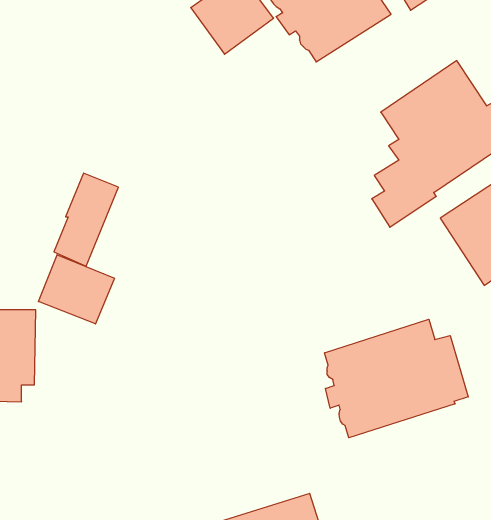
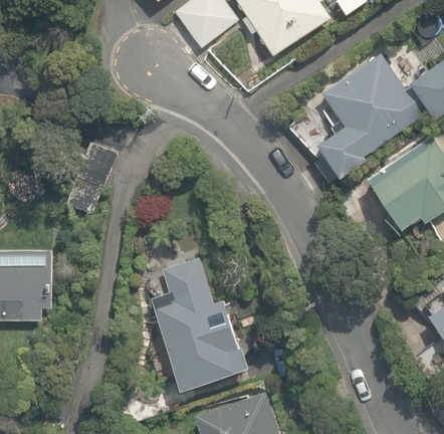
building: [38,255,114,324] -> none
building: [325,319,468,438] -> none
building: none -> [152,257,249,389]

